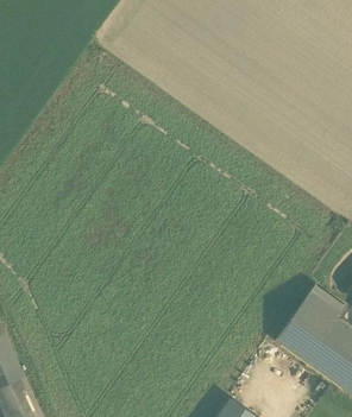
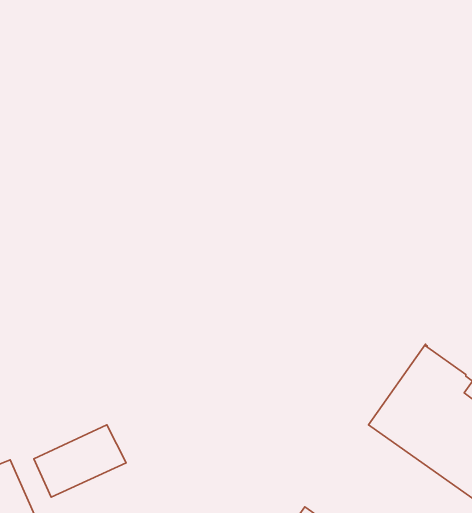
building: none -> [34,425,126,497]

